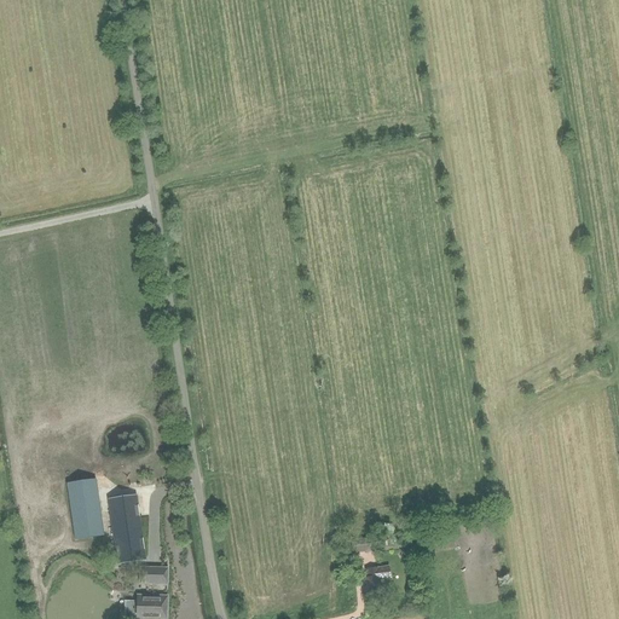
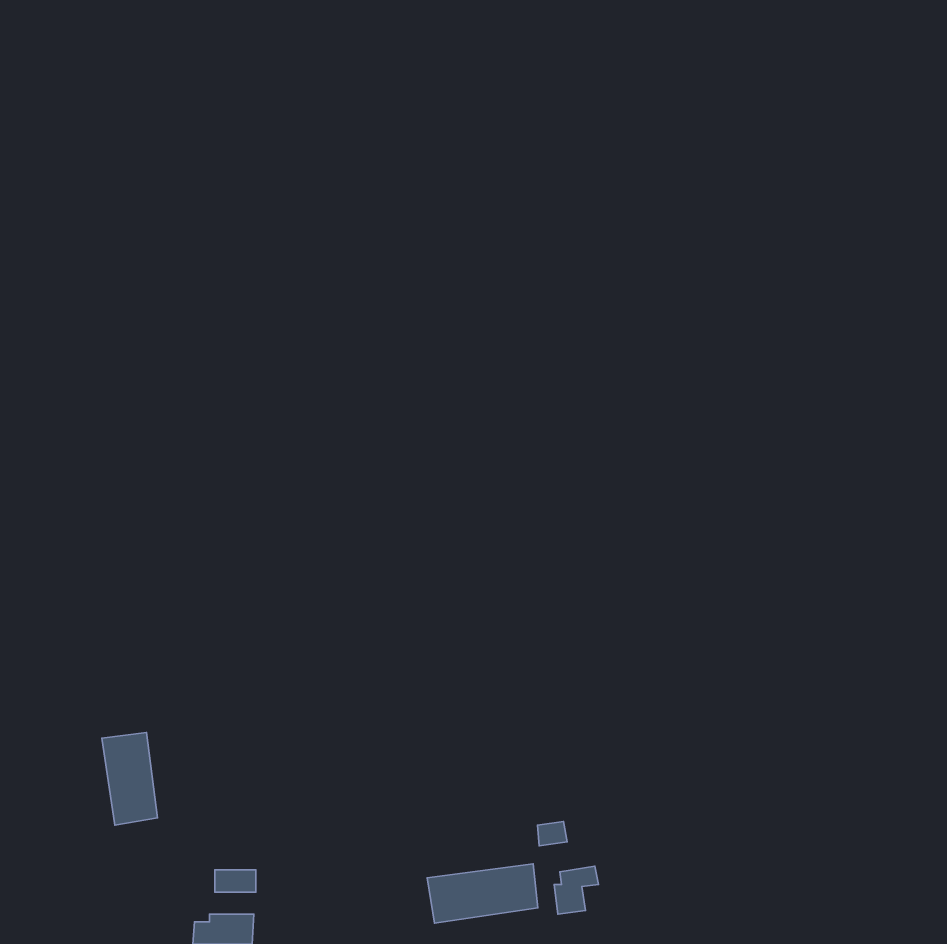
building: [108,493,145,562] -> none
building: none -> [427,864,538,923]

